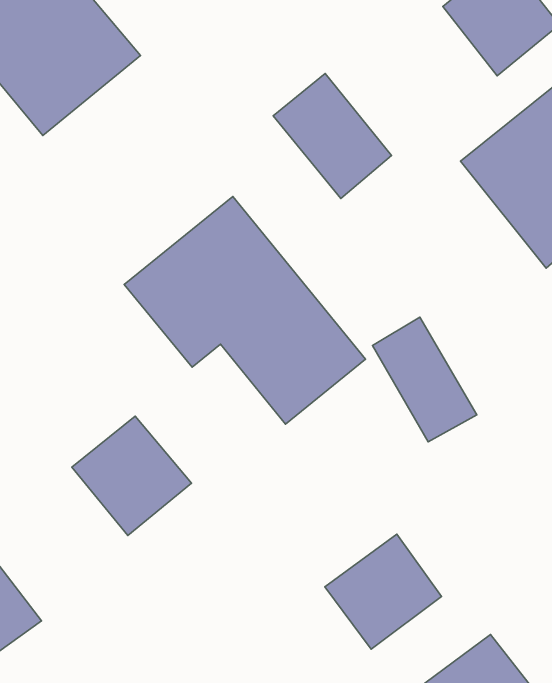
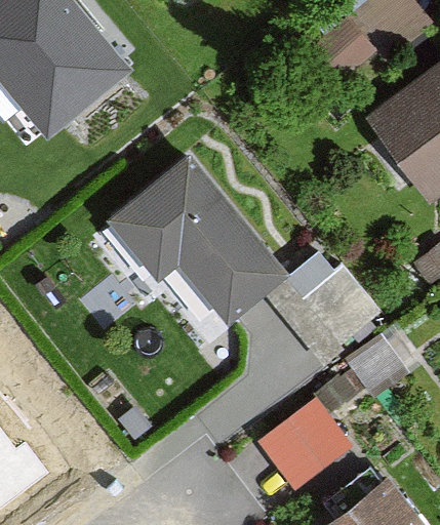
building: [273,73,391,199] -> none
building: [72,416,191,536] -> none

